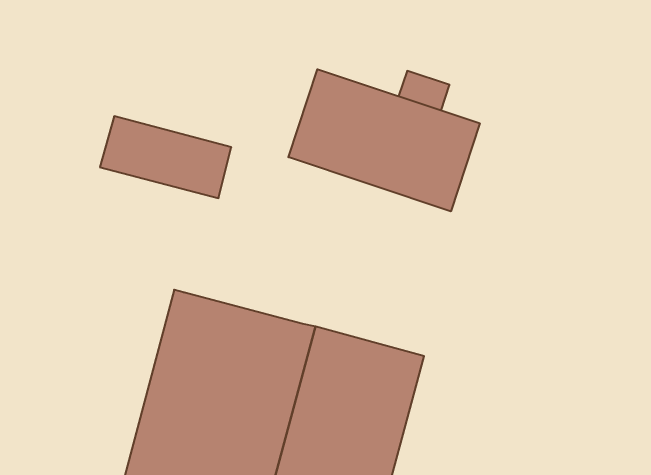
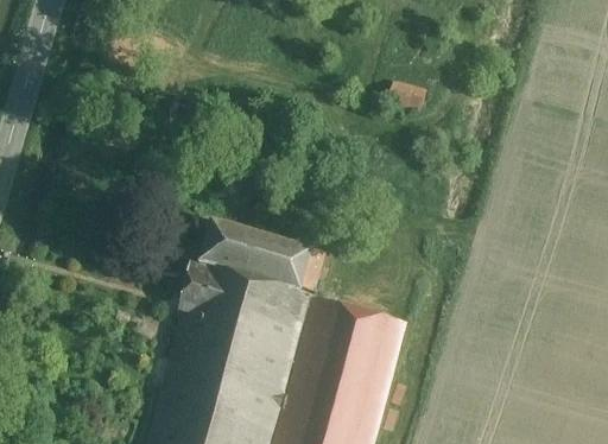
building: [288,69,480,211] -> none
building: [100,116,231,198] -> [204,222,315,291]

